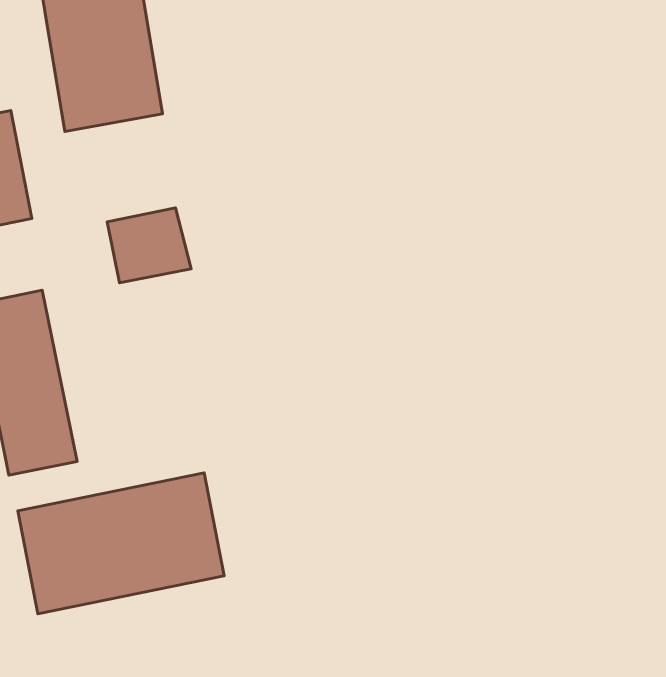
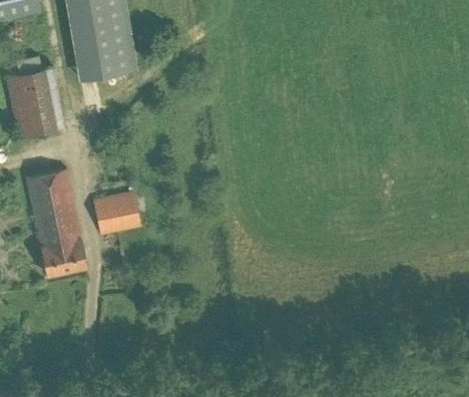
building: [107,208,191,283] -> [93,192,141,236]
building: [18,473,224,614] -> none

